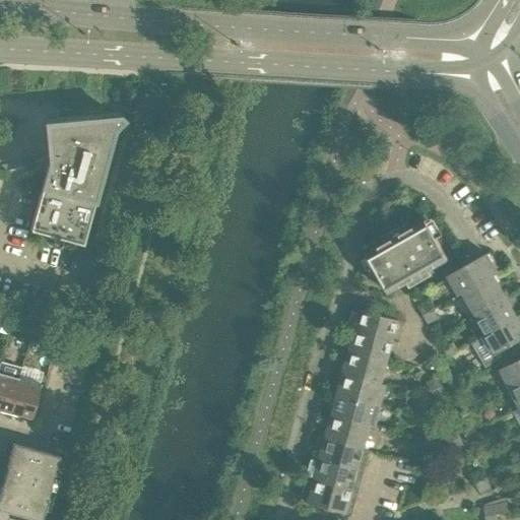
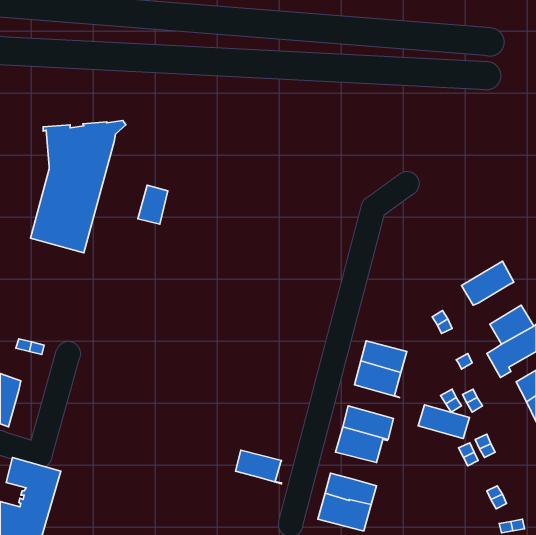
building: none -> [138,185,168,224]
building: [367,220,448,294] -> none
building: [463,276,505,315] -> none
building: [354,310,399,341] -> none
building: [337,374,387,406] -> [418,405,470,438]
building: [8,379,40,420] -> none
building: [320,439,365,471] -> [235,450,282,484]

